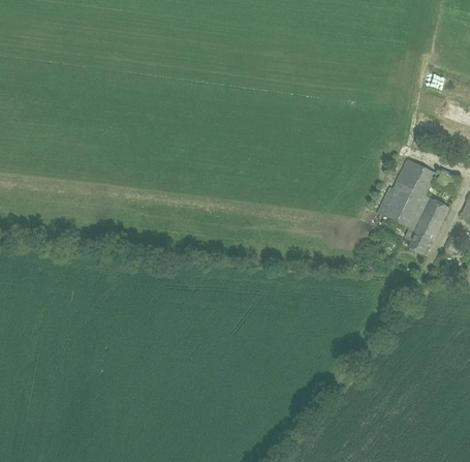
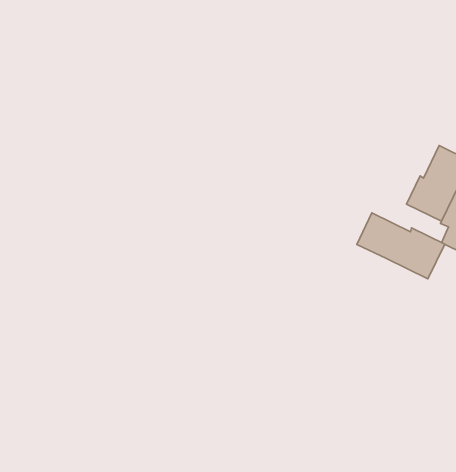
building: none -> [357,213,445,279]

